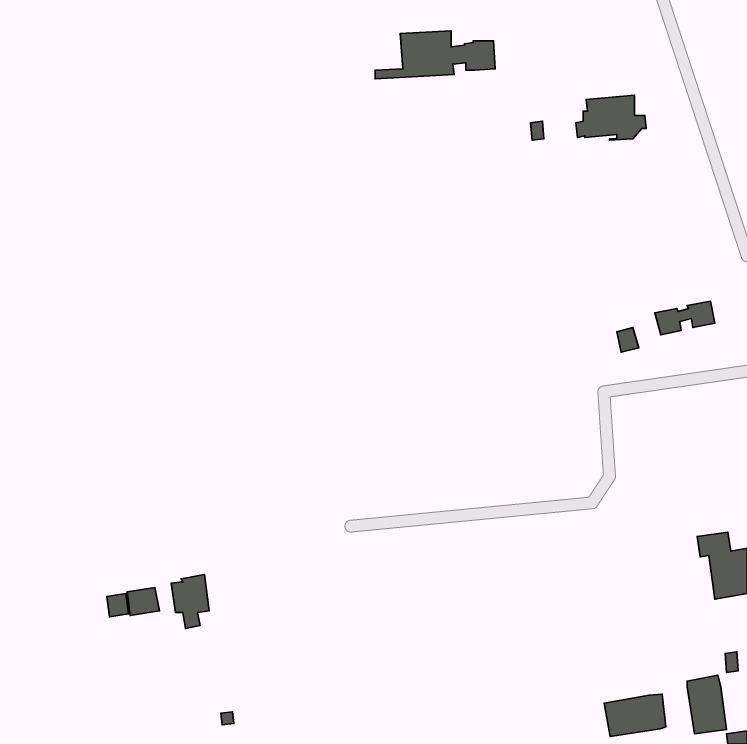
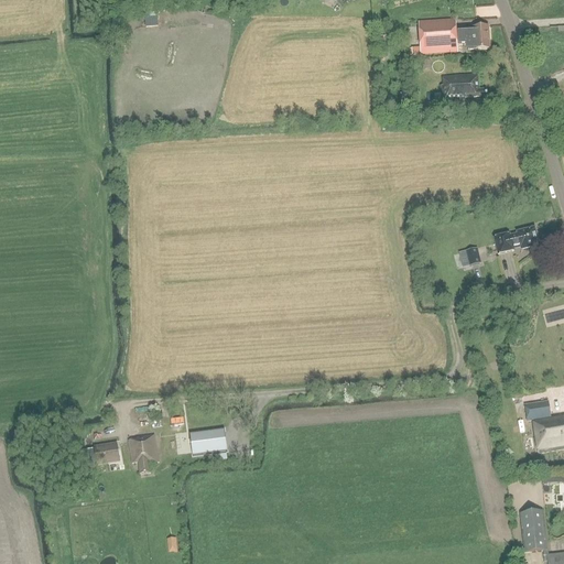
building: [375,31,495,79] -> [399,18,489,54]
building: none -> [187,426,225,454]
building: [604,694,666,736] -> none

